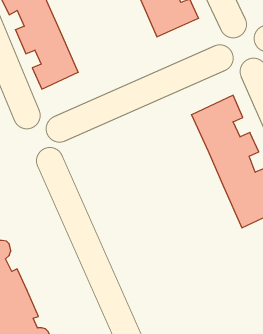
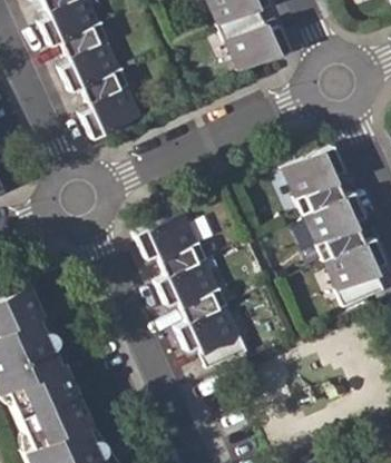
building: none -> [136,211,250,371]

